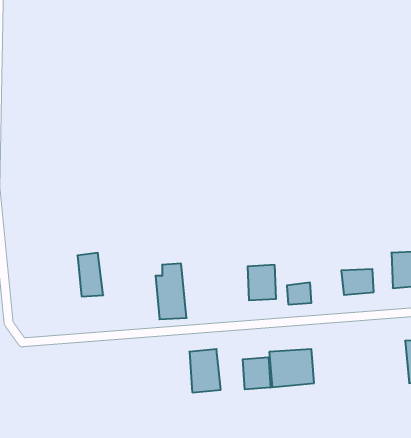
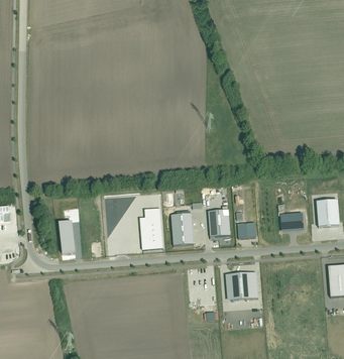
building: [77,253,103,296] -> [56,218,76,250]
building: [189,349,221,392] -> [170,210,194,242]
building: [243,357,271,389] -> none

